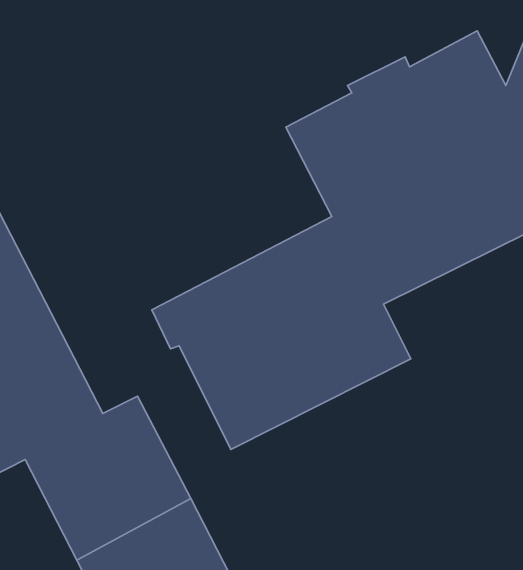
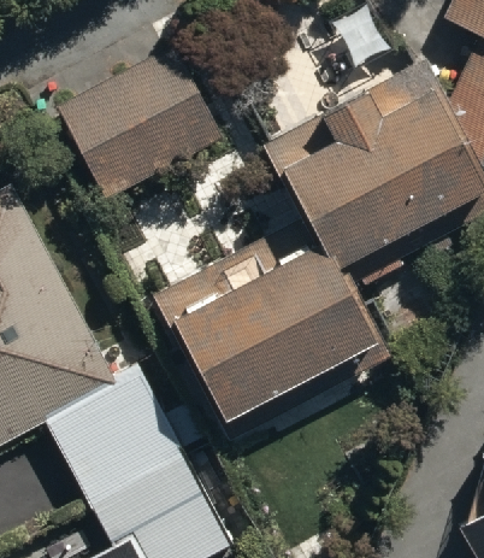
building: none -> [55,51,224,204]

